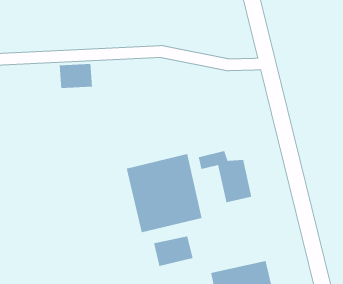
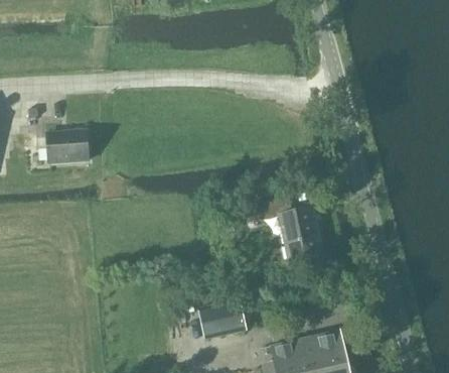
building: [59,63,93,89] -> [46,131,88,162]
building: [126,153,202,233] -> none

